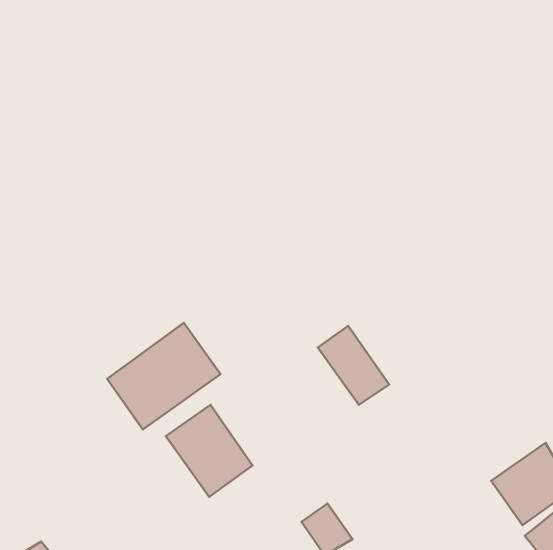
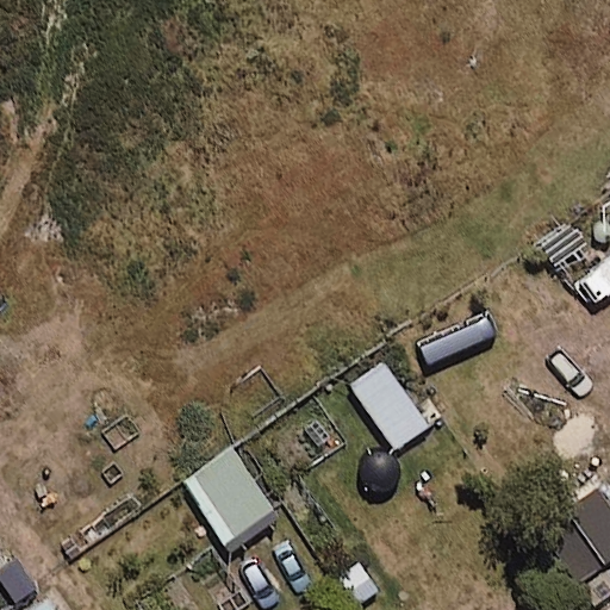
building: [107,323,221,430] -> none

